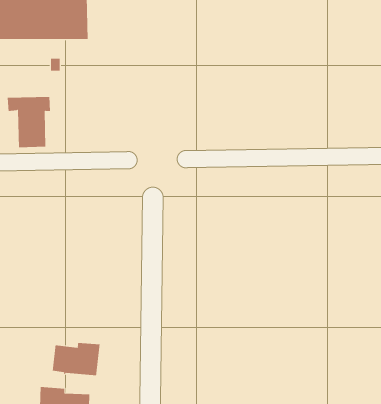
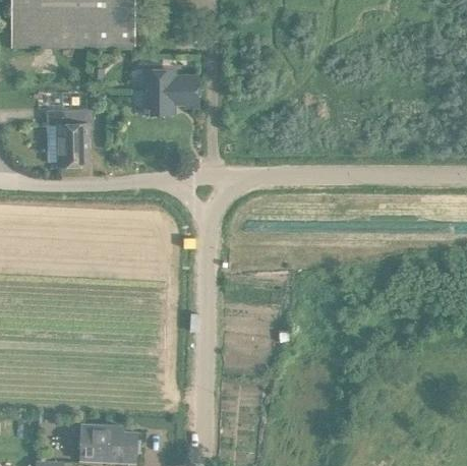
building: none -> [134,71,197,112]
building: [52,342,100,376] -> none

